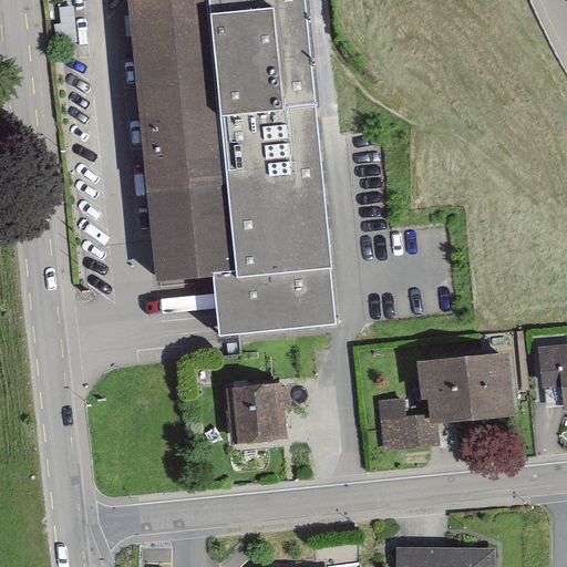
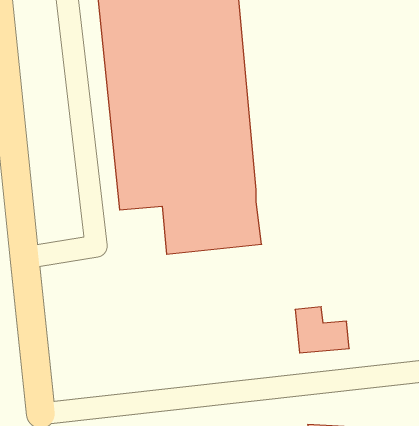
building: [424,351,519,422] -> none
building: [226,383,290,447] -> none

